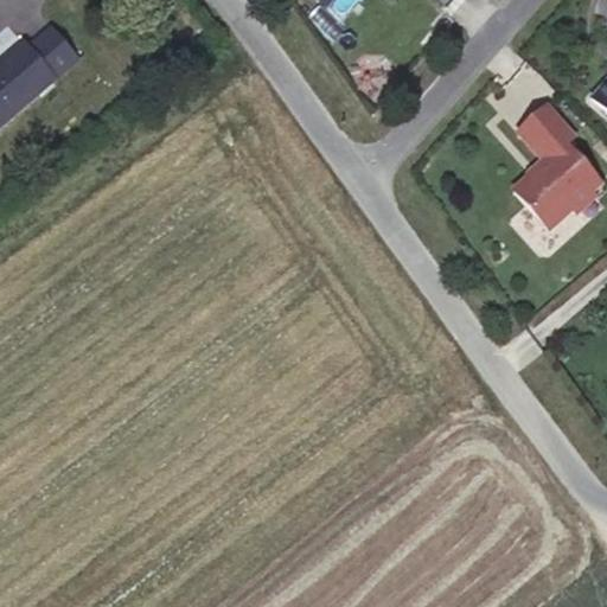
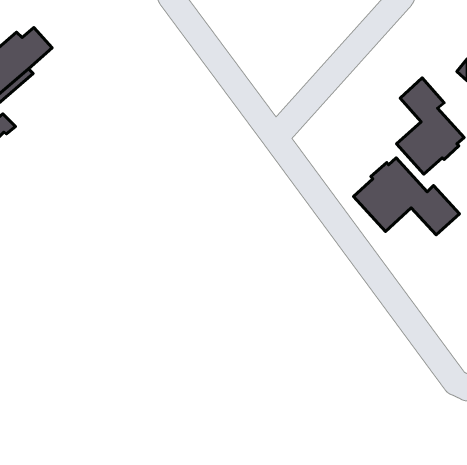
building: none -> [354,158,460,235]

